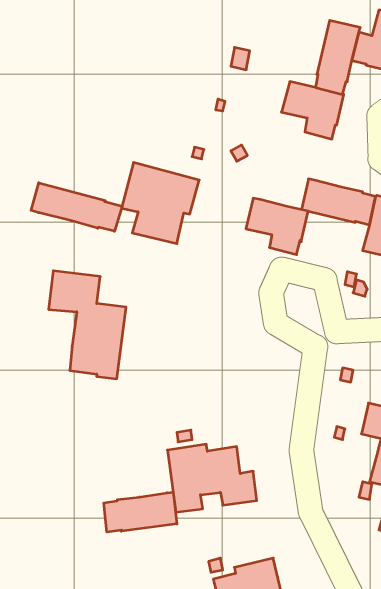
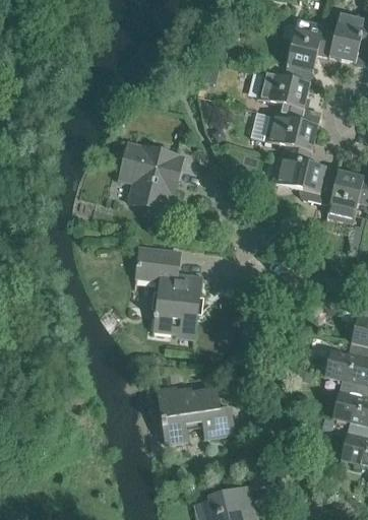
building: [31,183,122,231] -> none
building: [246,198,308,255] -> [264,115,318,164]
building: [49,271,126,379] -> [135,246,202,339]
building: [104,492,177,532] -> none

